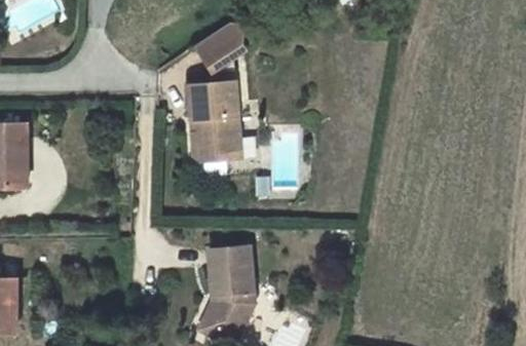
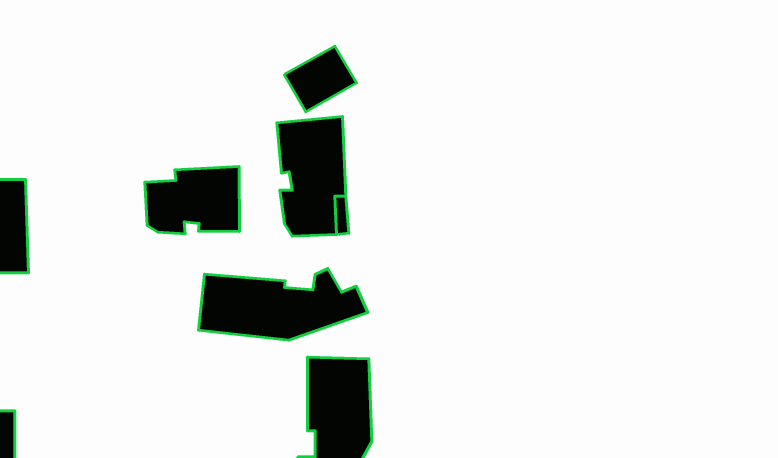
building: none -> [145,166,240,234]
building: none -> [198,269,368,340]

